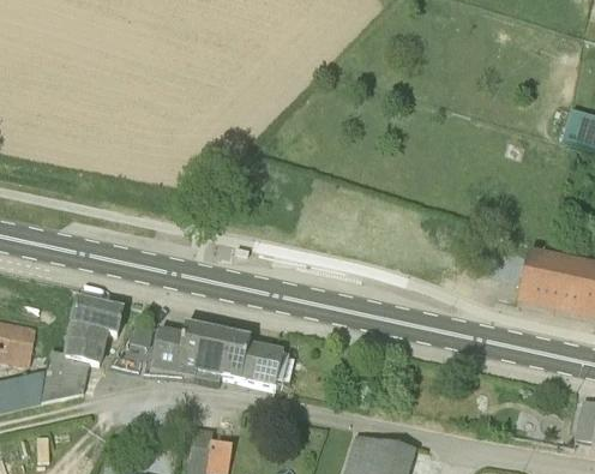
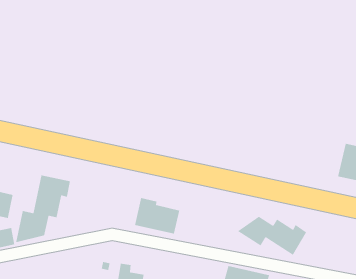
building: [114,323,226,383] -> none
building: none -> [237,216,307,256]

